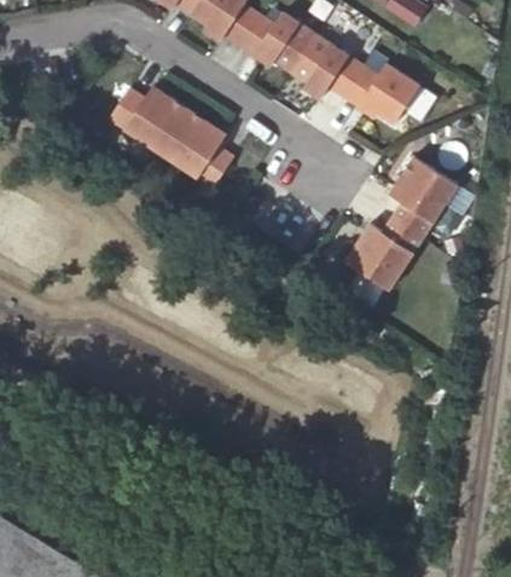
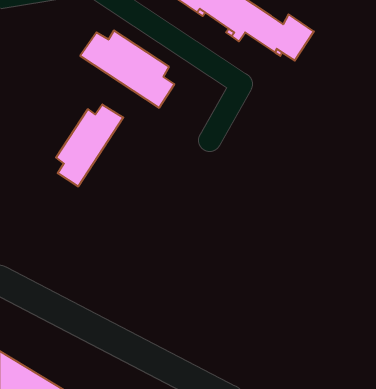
building: [343,157,457,290] -> none
building: none -> [56,104,123,187]

